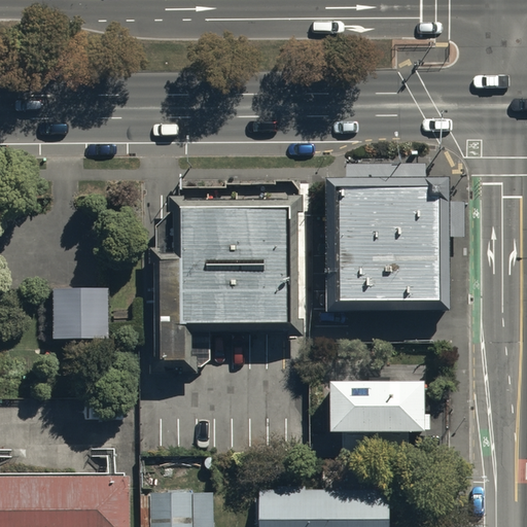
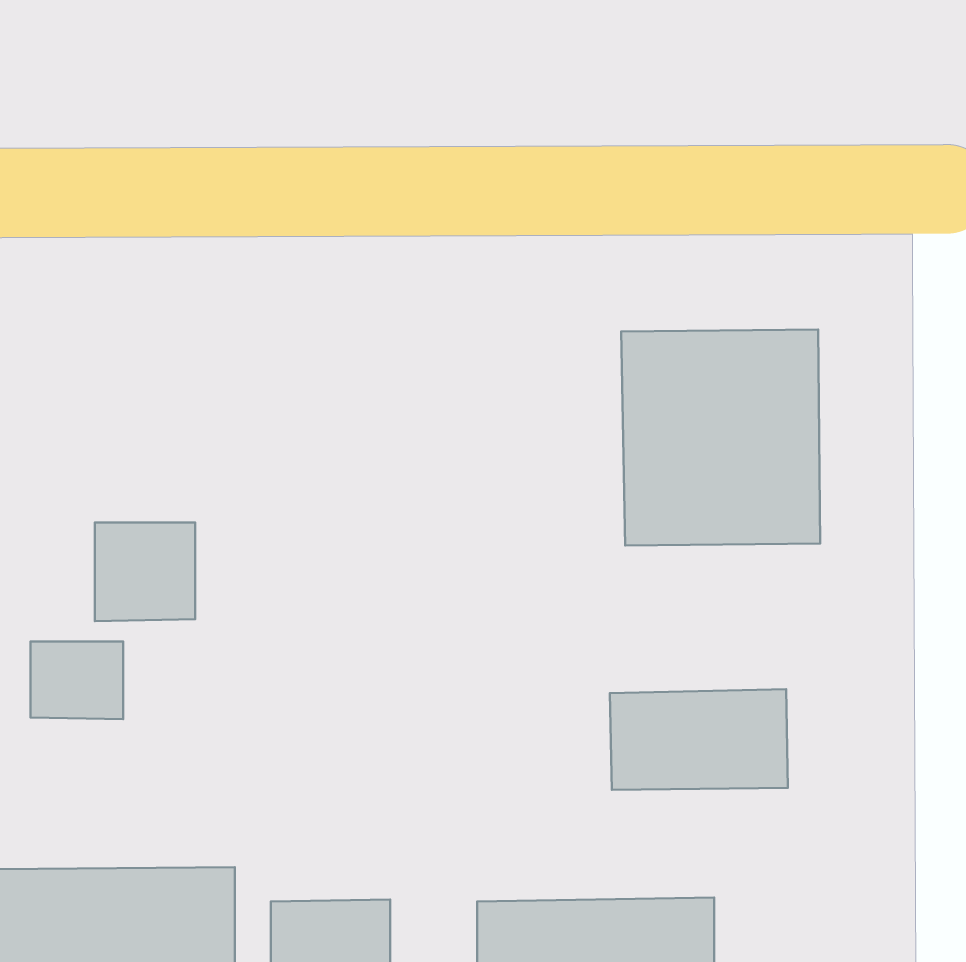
building: [155,198,296,371] -> none
building: none -> [31,641,123,719]

